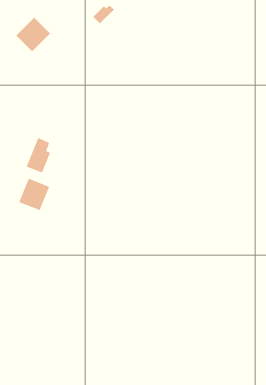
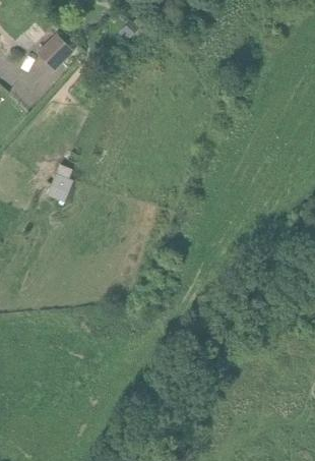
building: [19,178,50,211] -> none

